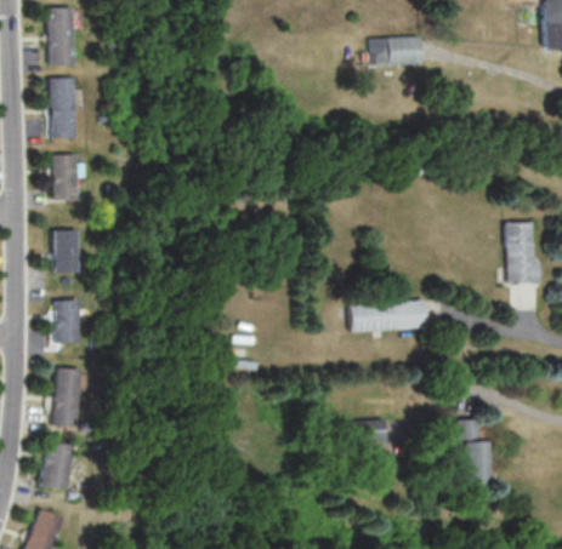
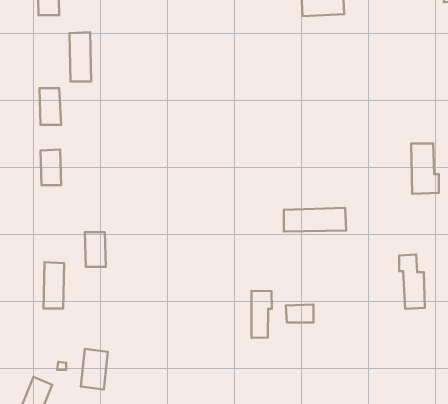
building: [47,78,74,138] -> [69,32,91,82]
building: [53,301,79,343] -> [85,232,106,267]
building: none -> [251,291,272,338]
building: [456,419,488,486] -> [399,254,425,309]
building: [42,441,75,491] -> [81,349,108,389]

